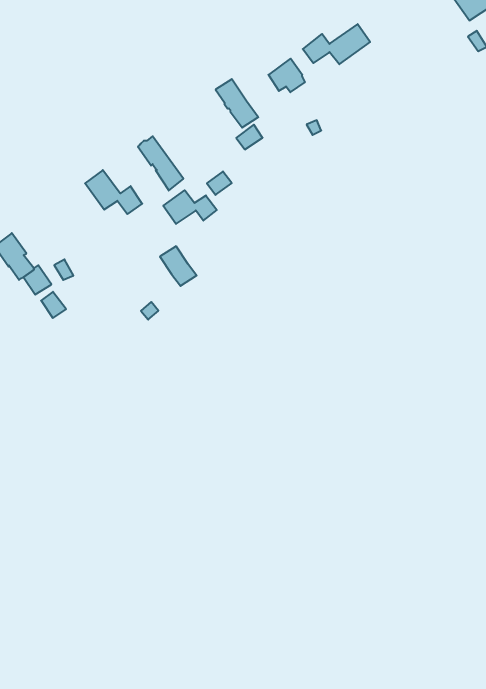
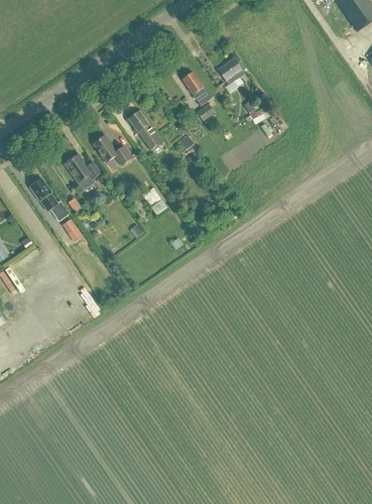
building: [303,24,370,64] -> none
building: [163,190,217,224] -> none
building: none -> [64,153,100,190]

